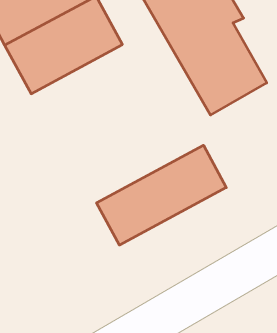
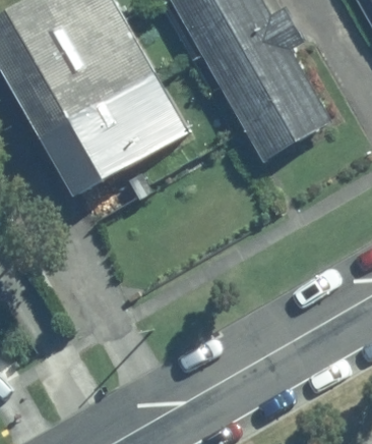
building: none -> [40,73,185,195]
building: [97,145,226,245] -> none

